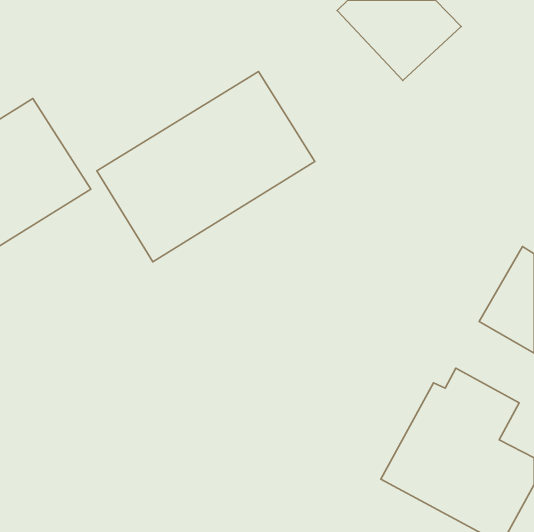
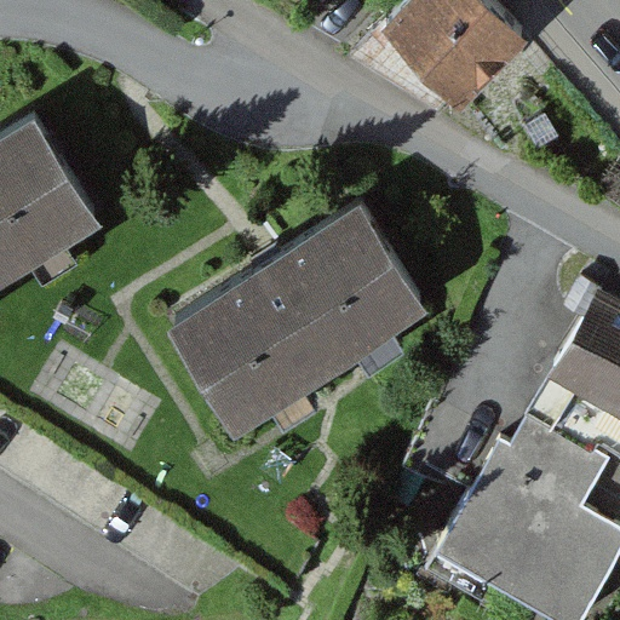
building: [97,71,315,262] -> [180,206,430,424]

